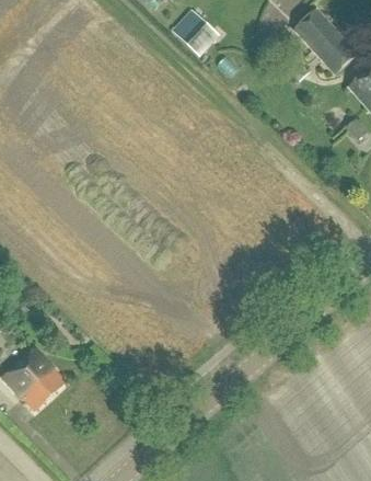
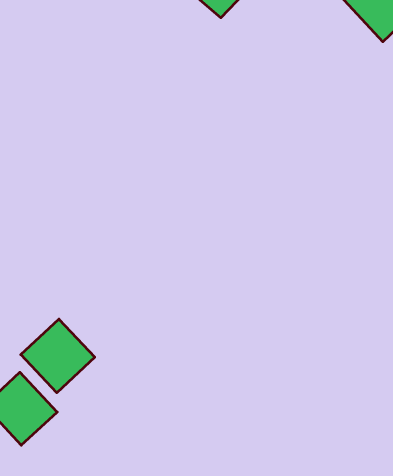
building: none -> [21,319,95,393]

